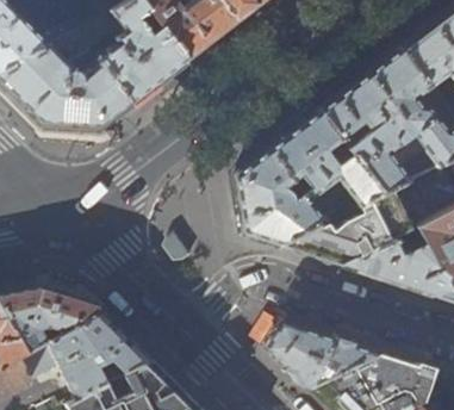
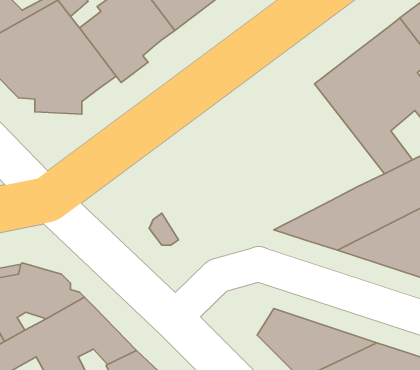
building: [236,111,386,248] -> none

